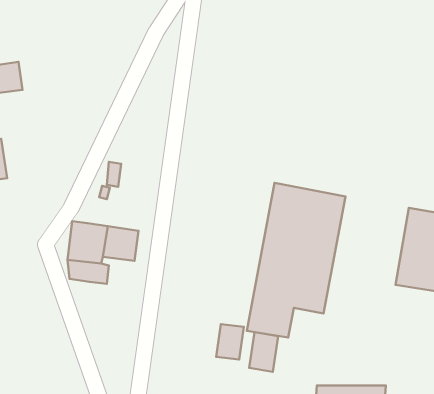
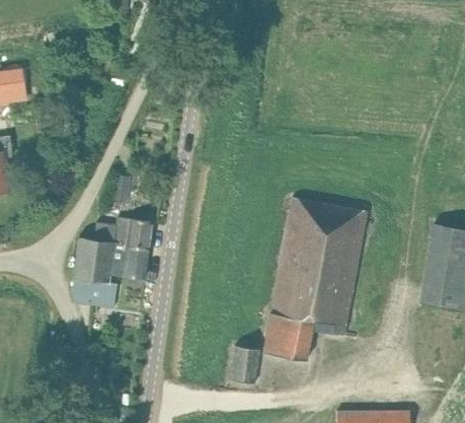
building: none -> [95,217,152,248]
building: [249,332,278,372] -> none

